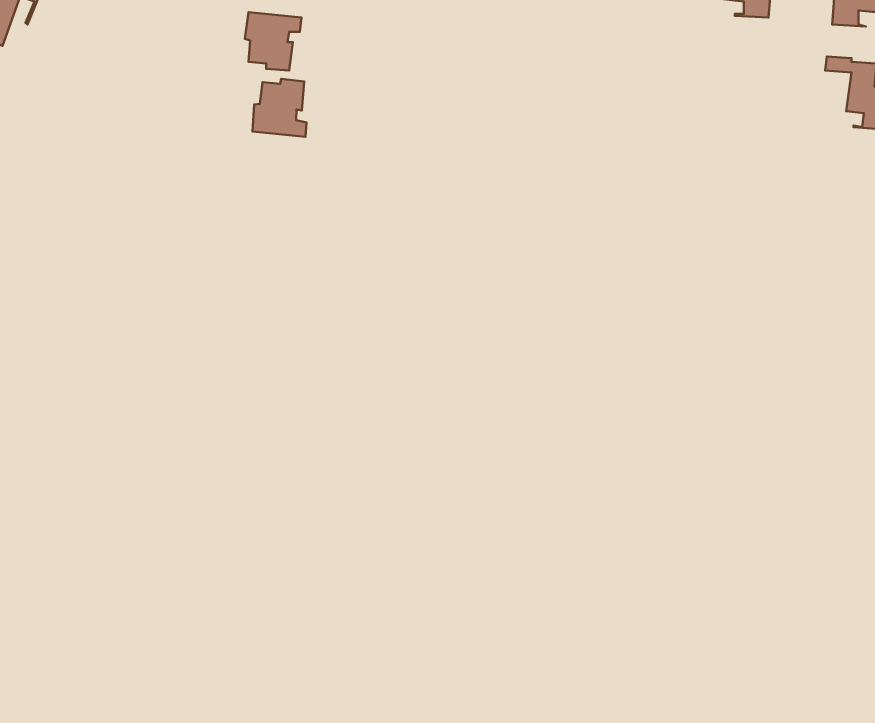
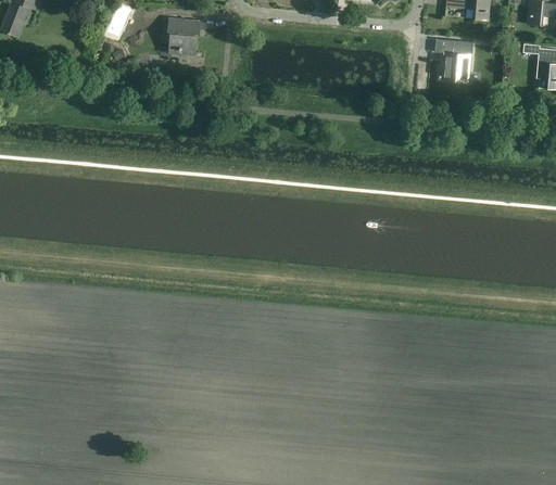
building: none -> [435,39,471,81]
building: [252,79,307,137] -> none

